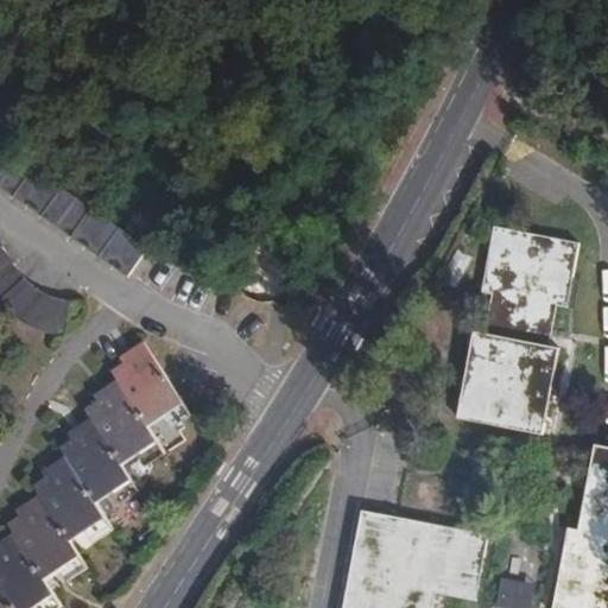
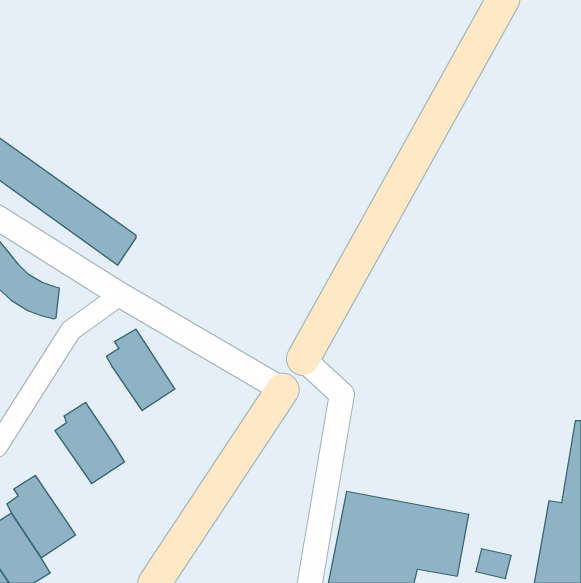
building: [457,227,580,435] -> none
building: [83,381,156,464] -> none
building: [32,456,104,542] -> none

